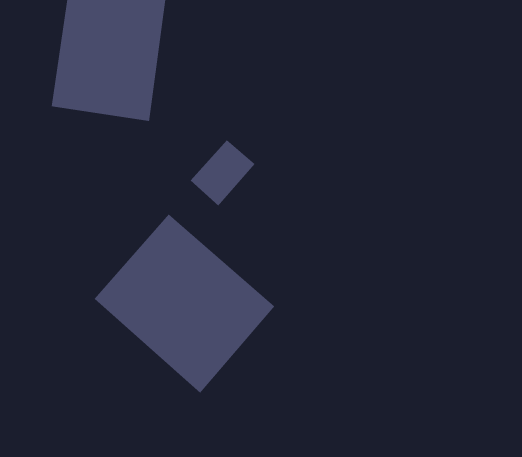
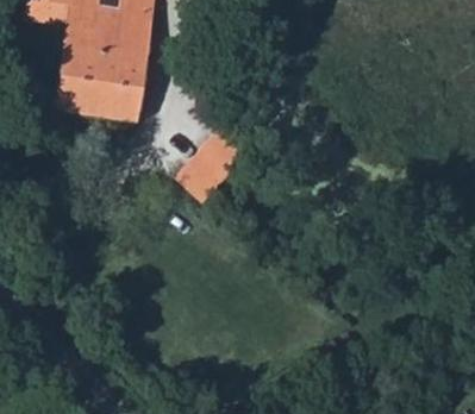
building: [94,213,275,394] -> none

